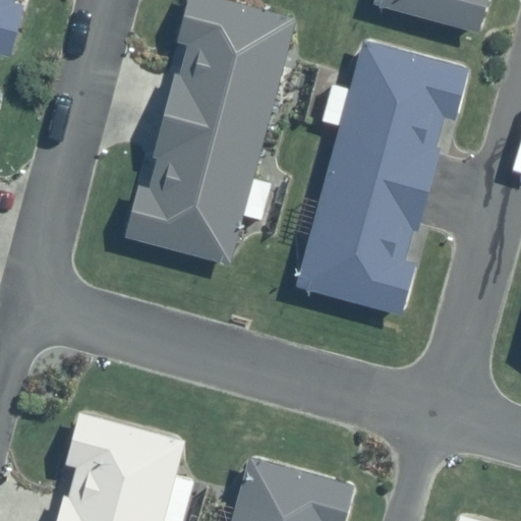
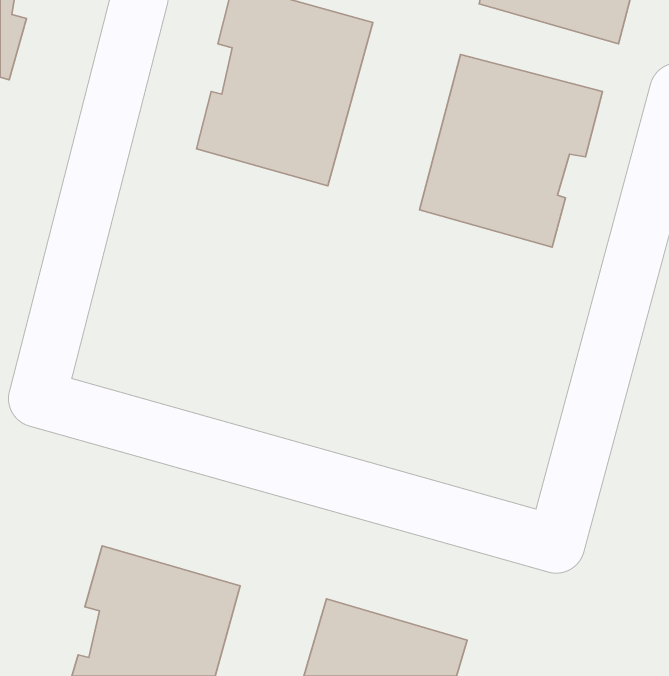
building: [118,114,258,263] -> none
building: [295,161,430,316] -> none

